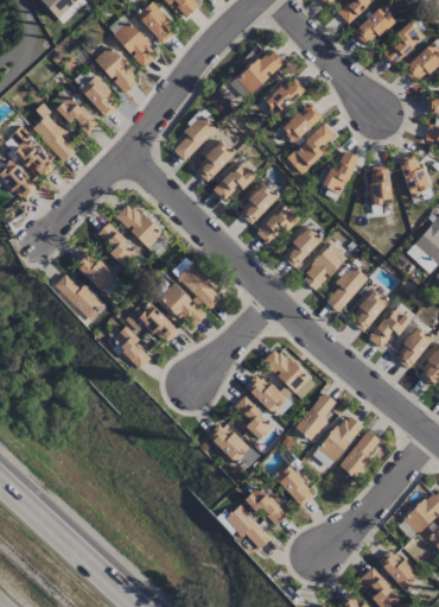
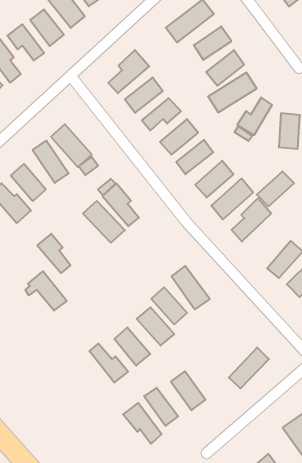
building: [349,291,389,331] -> [257,171,294,206]
building: [132,301,179,343] -> [25,271,67,311]
building: [297,392,338,440] -> none
building: [313,413,363,469] -> none
building: none -> [89,344,128,383]

